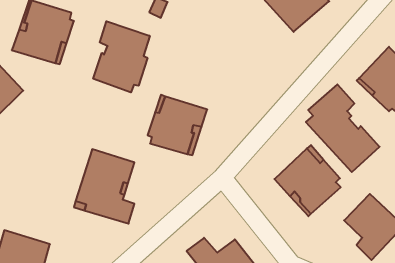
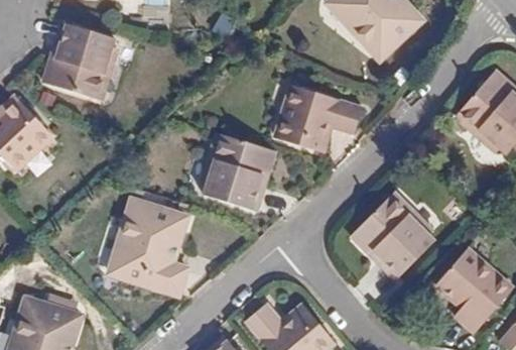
building: [93,21,150,92] -> none
building: none -> [273,82,362,147]
building: [306,84,380,172] -> none

